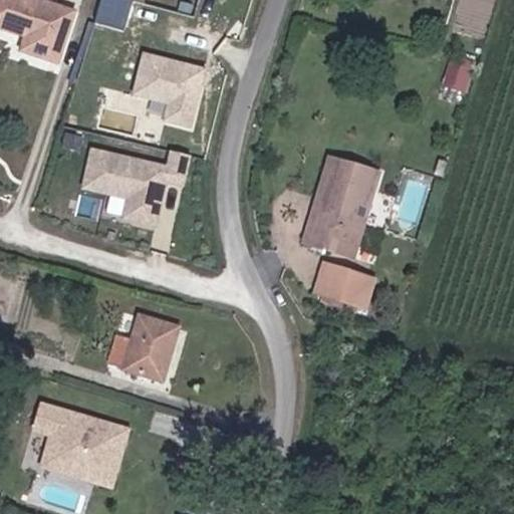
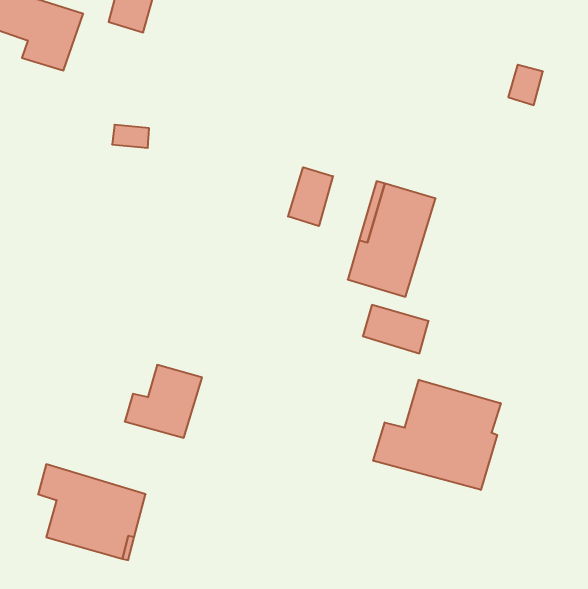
building: [131,47,210,133] -> none
building: none -> [288,167,333,226]
building: [83,146,194,226] -> none
building: none -> [373,380,501,490]

